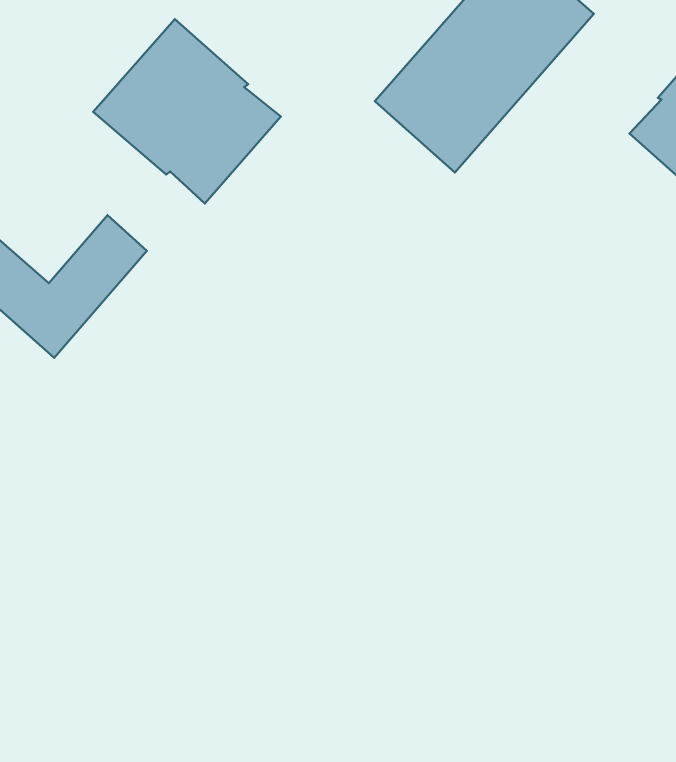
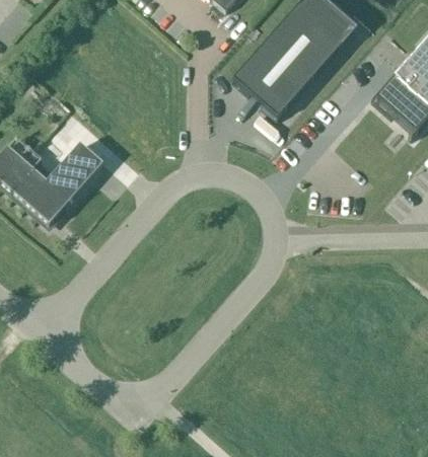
building: [93,19,281,203] -> none

